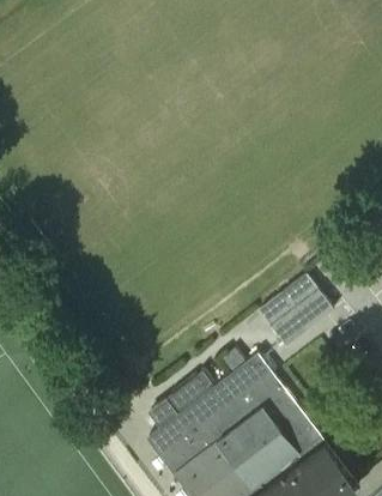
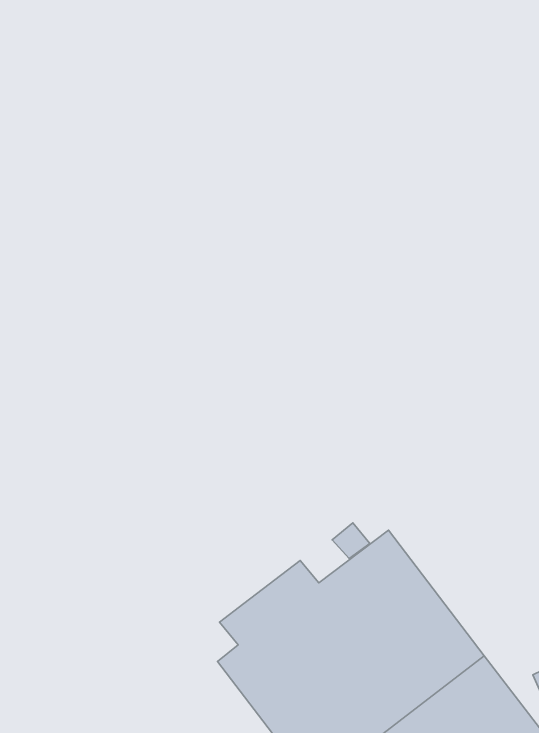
building: [261,279,335,351] -> none

